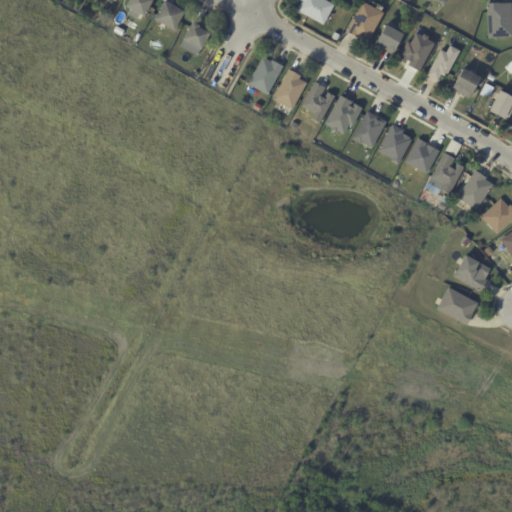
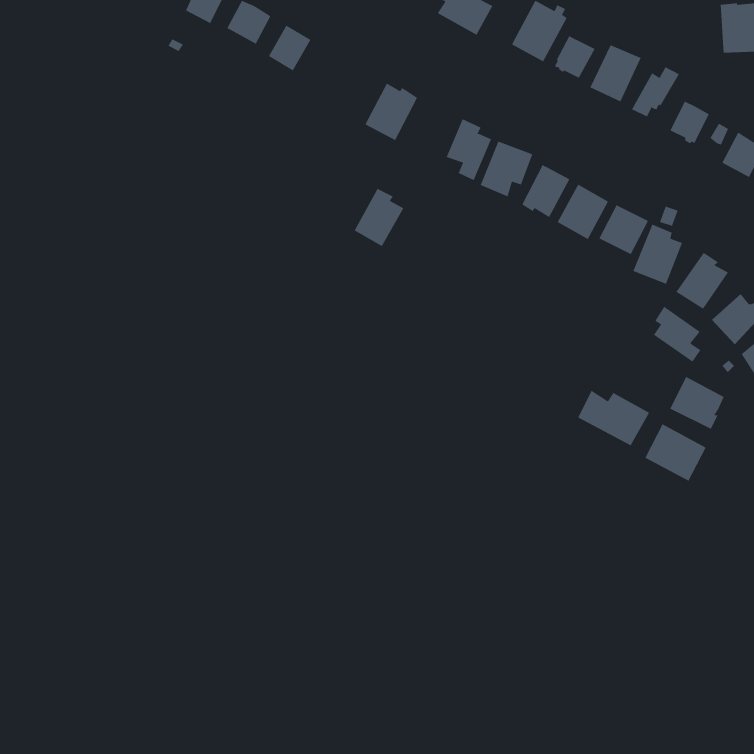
building: [274,69,308,109] -> [354,188,404,247]
building: none -> [653,306,701,363]
building: none -> [577,390,650,446]

